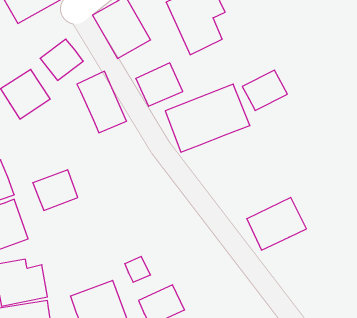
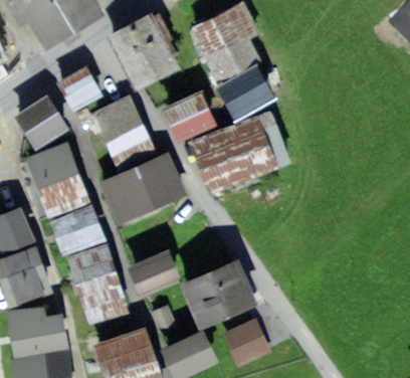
building: [242,70,287,111] -> [220,71,269,116]
building: none -> [31,148,83,212]
building: none -> [104,156,182,218]
building: [247,198,306,250] -> [186,264,251,322]
building: none -> [66,244,129,323]
building: none -> [135,251,180,294]
building: none -> [226,322,269,363]

